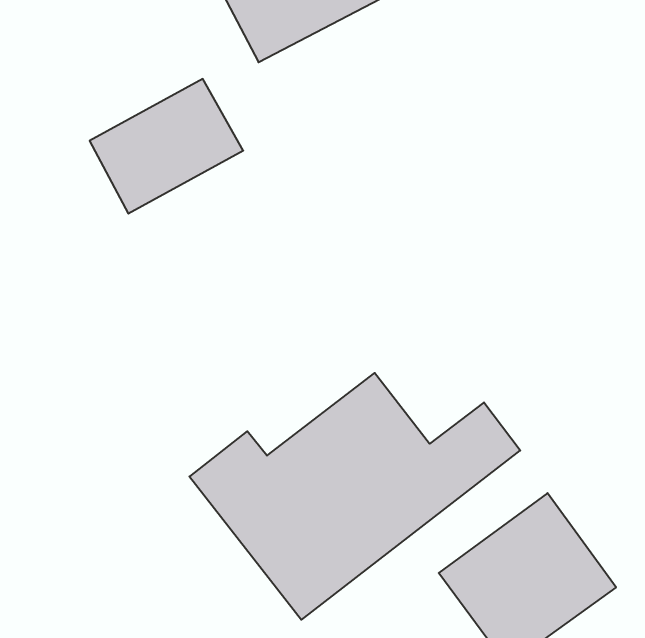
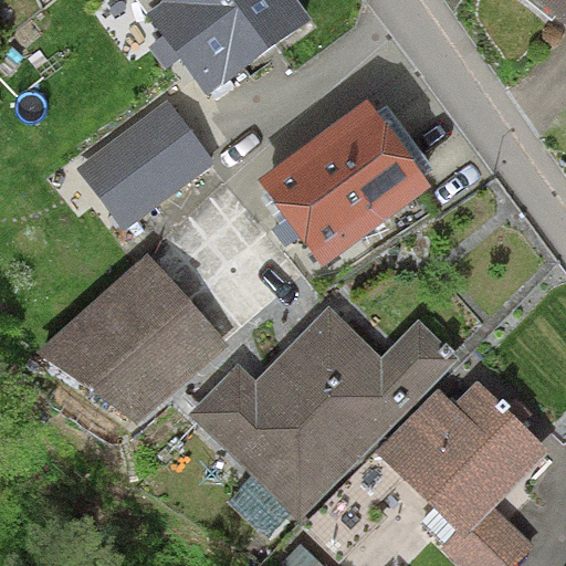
building: none -> [274,128,418,262]
building: none -> [49,265,210,411]

